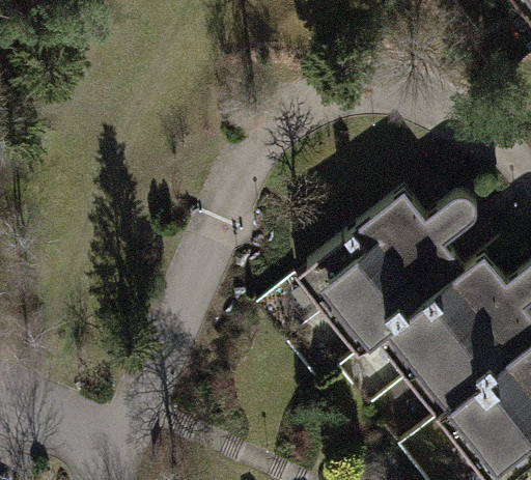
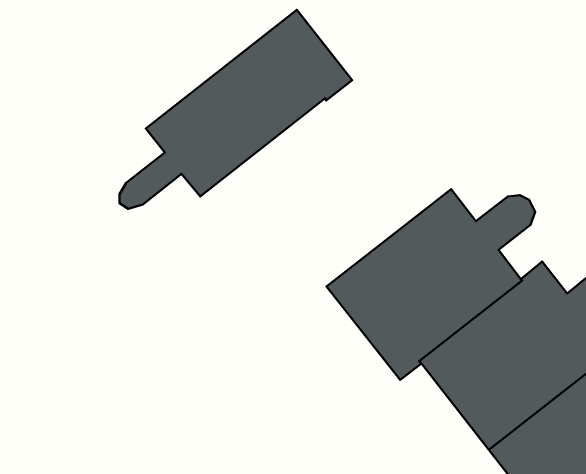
building: none -> [120,10,352,209]

